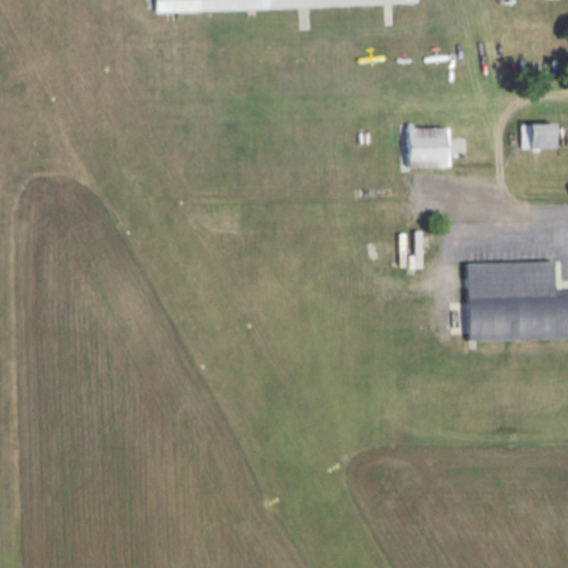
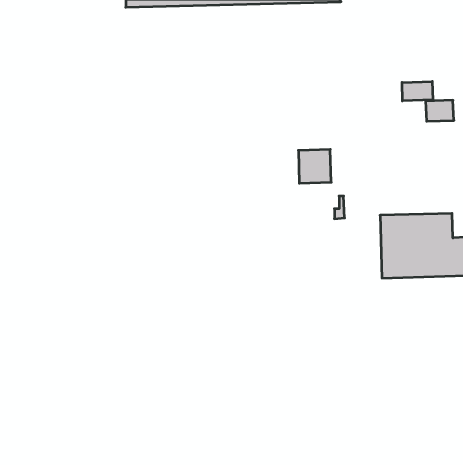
building: none -> [402,81,433,101]
building: [407,125,447,166] -> [298,149,331,183]

